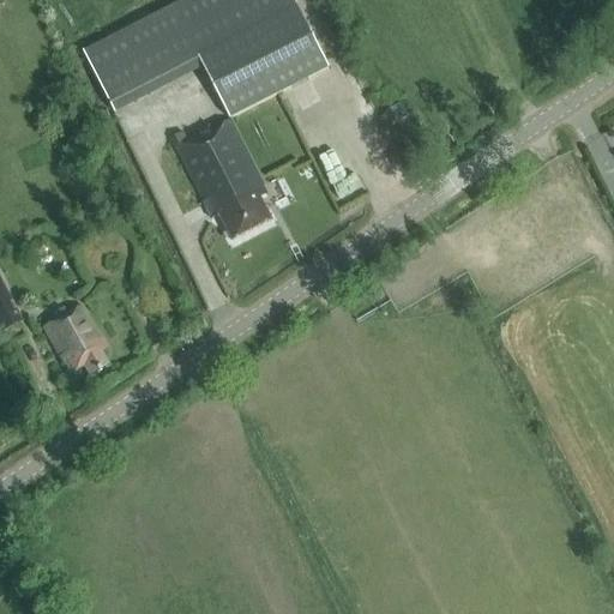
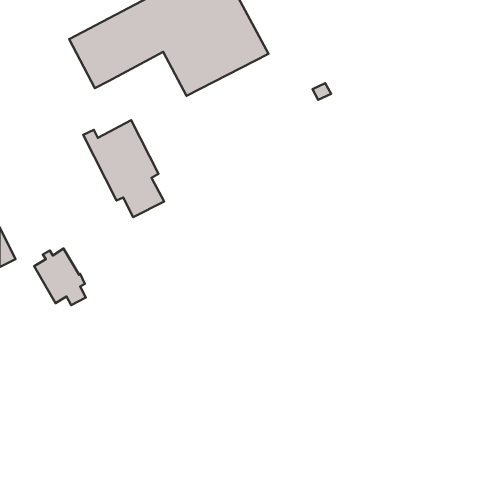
building: [170,118,270,236] -> [83,120,164,217]

